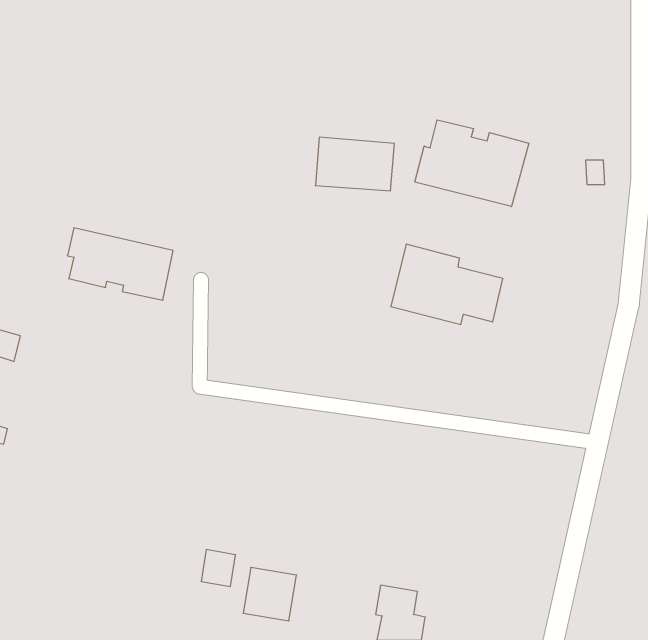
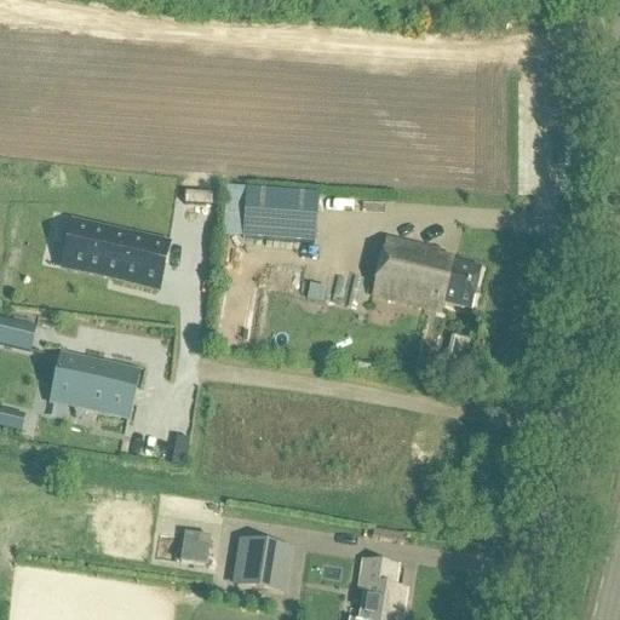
building: [415,120,529,207] -> none
building: [315,137,394,191] -> [241,186,316,237]
building: none -> [48,356,137,421]

